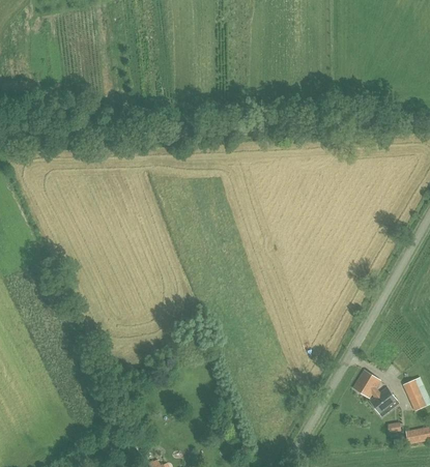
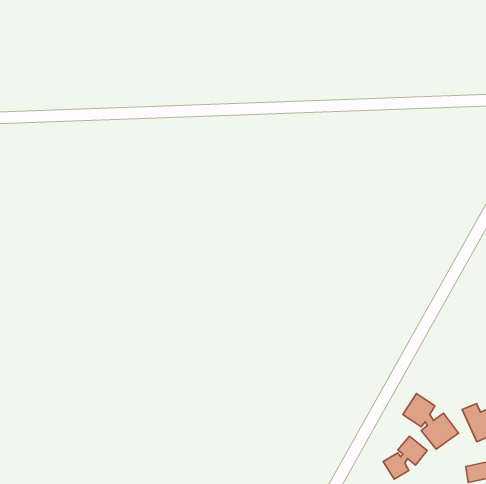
building: none -> [383,436,427,479]

